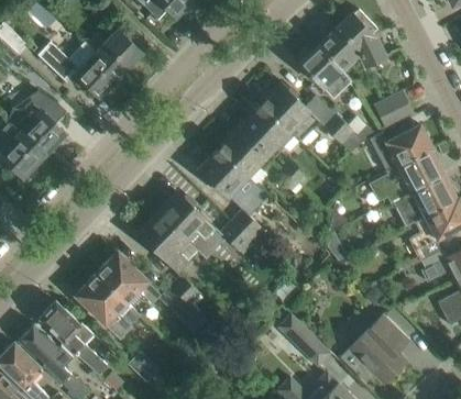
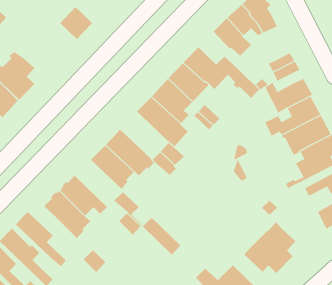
building: [39,42,121,97] -> none
building: [278,314,330,365] -> [142,217,181,255]

